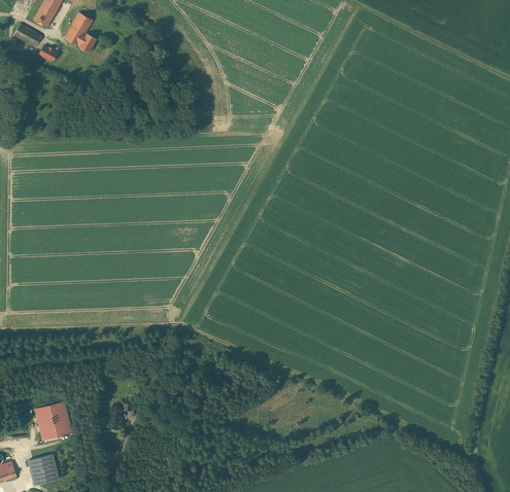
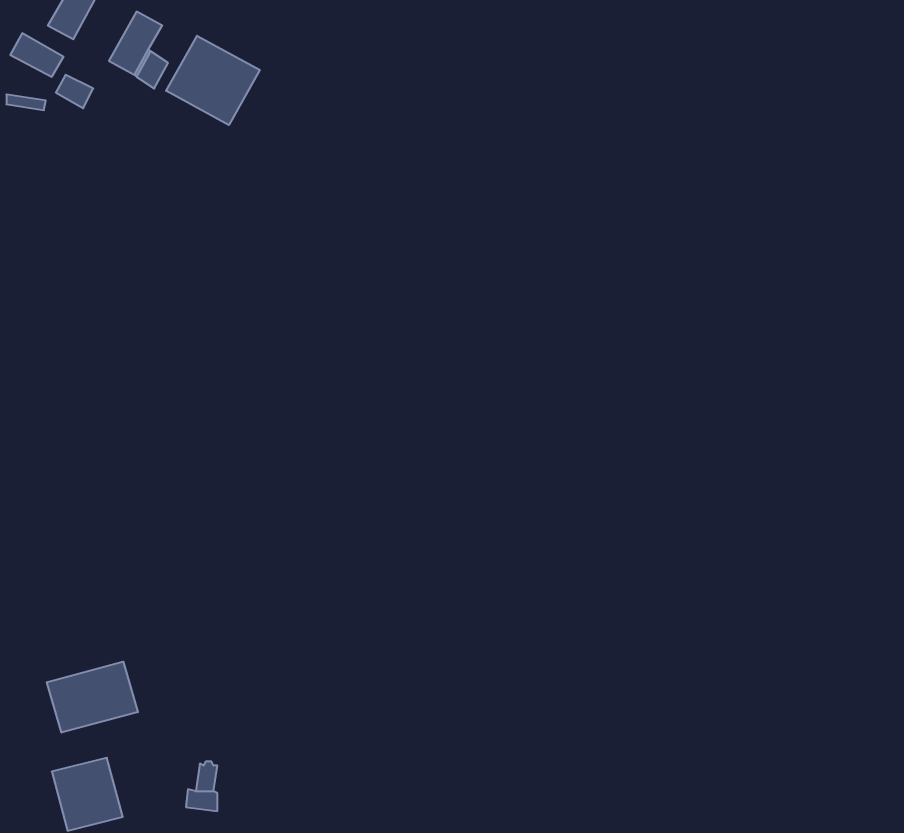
building: none -> [166,36,260,125]
building: none -> [47,662,138,733]

